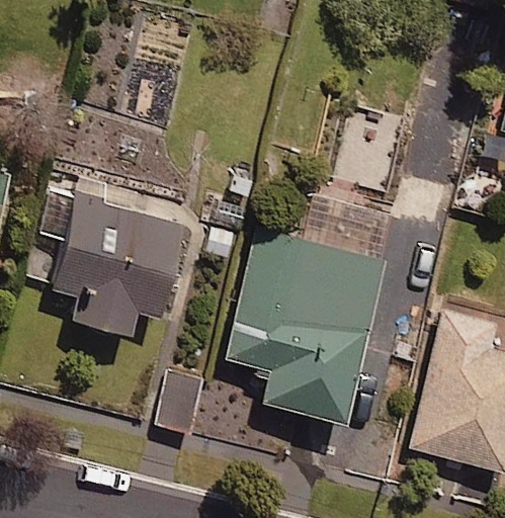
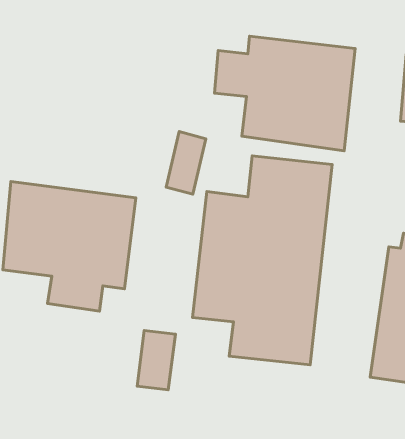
building: none -> [214,36,355,151]

